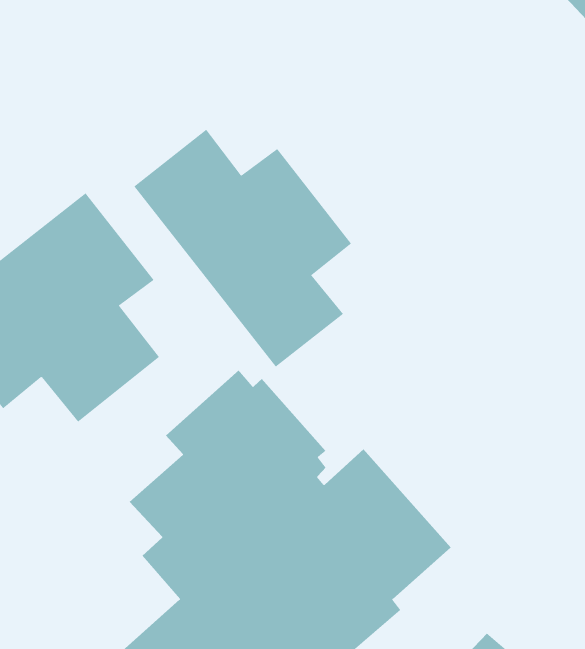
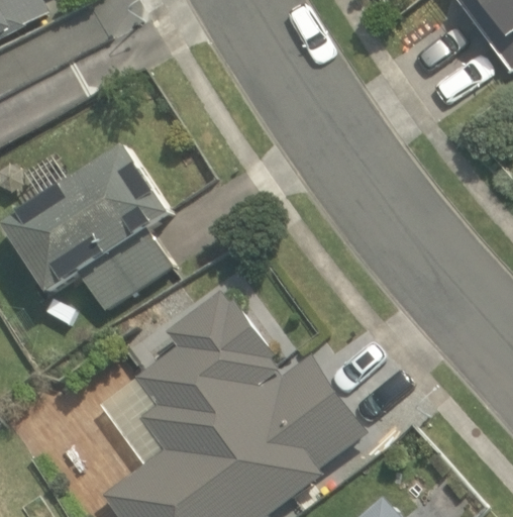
building: [133,129,352,367] -> none

